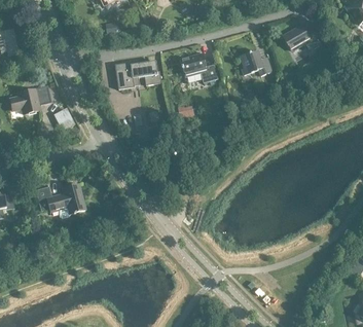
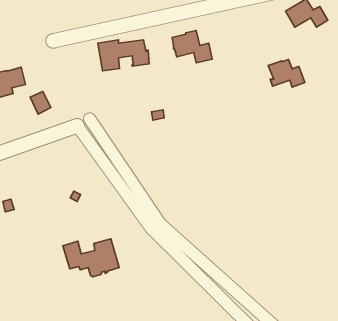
building: [239,51,271,76] -> [268,60,305,87]
building: [34,184,84,218] -> [63,239,119,277]

